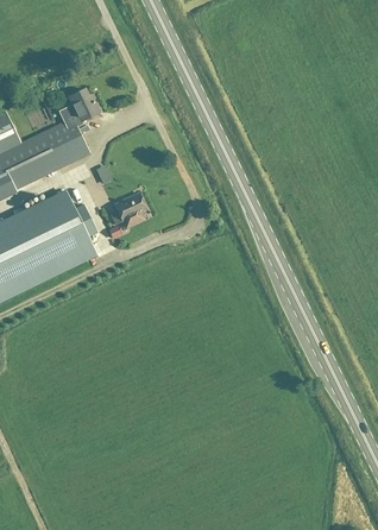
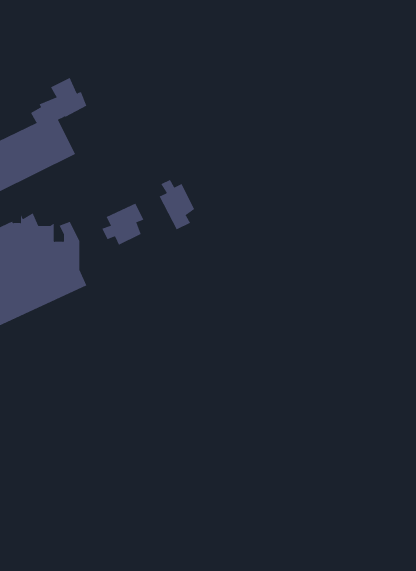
building: none -> [159,179,195,230]

